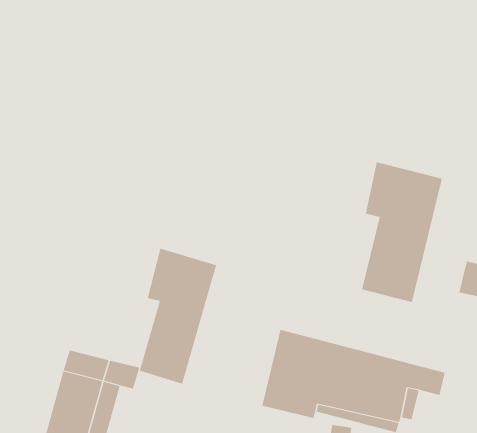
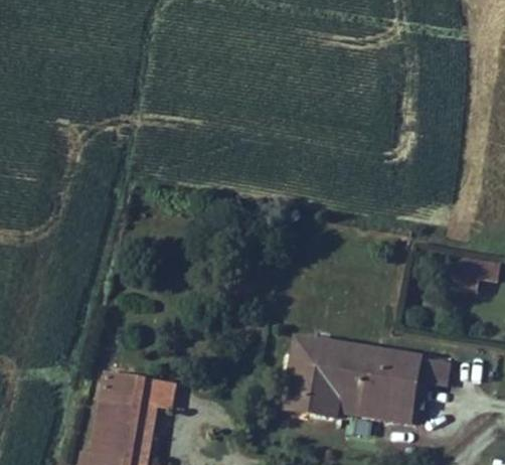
building: [362,162,442,303] -> none
building: [139,248,217,384] -> none

